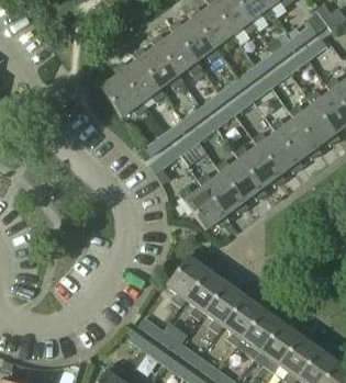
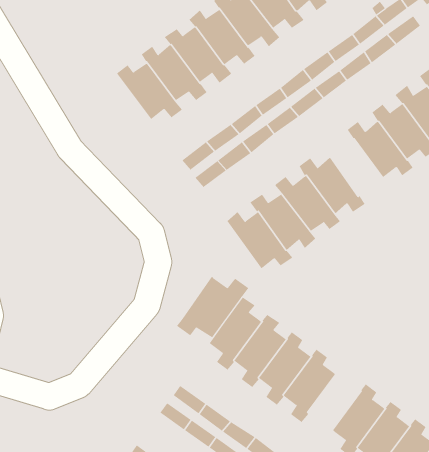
building: [252,131,302,174] -> none
building: none -> [176,276,249,338]
building: [241,303,281,359] -> none

